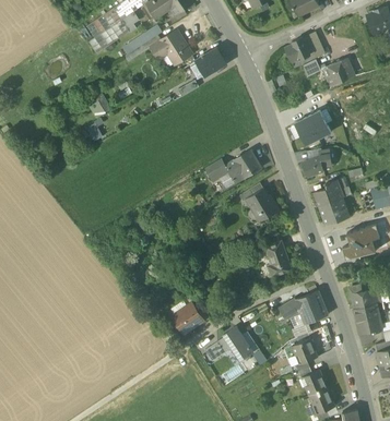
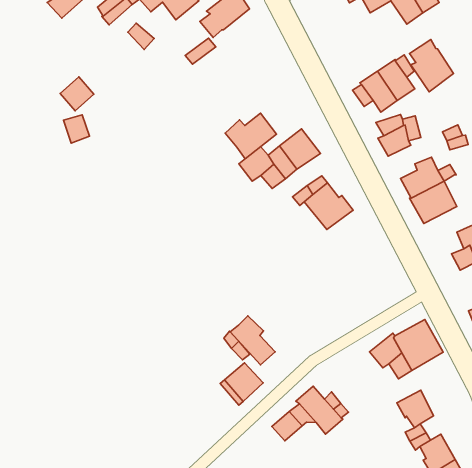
building: none -> [409,40,454,92]
building: none -> [225,113,276,159]
building: [268,241,293,277] -> none
building: none -> [230,316,275,365]

